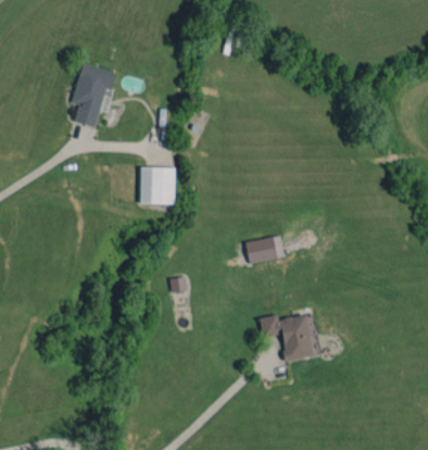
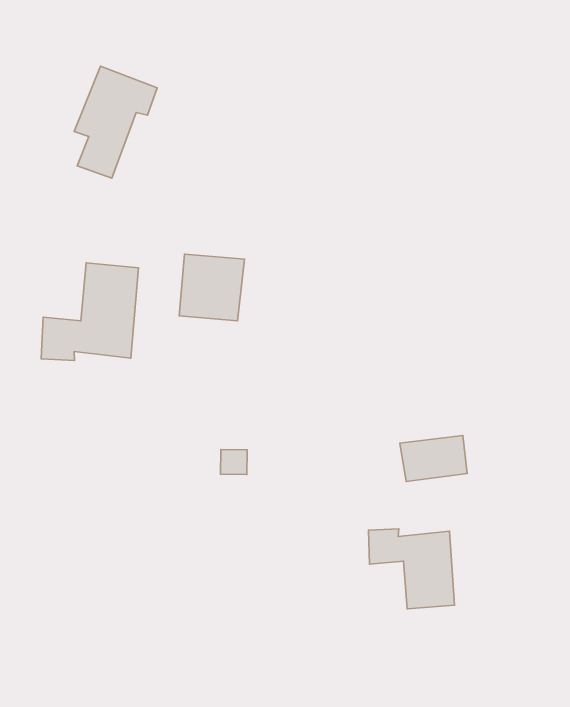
building: none -> [41,263,139,361]
building: [244,235,285,264] -> [400,435,467,481]

